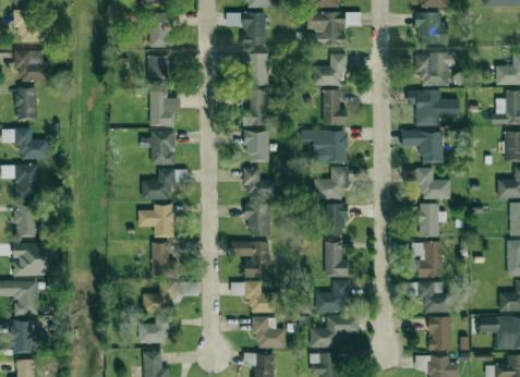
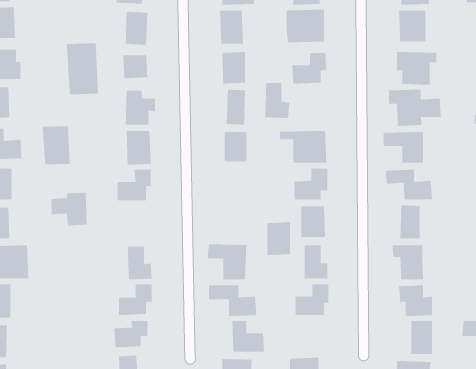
building: none -> [66,42,99,95]
building: [323,89,348,125] -> [264,82,290,119]
building: none -> [42,125,70,165]
building: [243,167,276,198] -> none
building: [246,203,270,236] -> [266,221,291,256]
building: [138,204,174,238] -> [51,192,87,226]
building: [311,315,360,348] -> none

